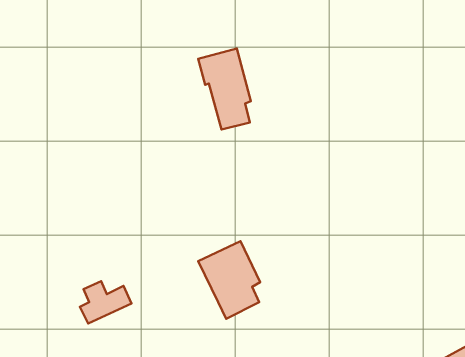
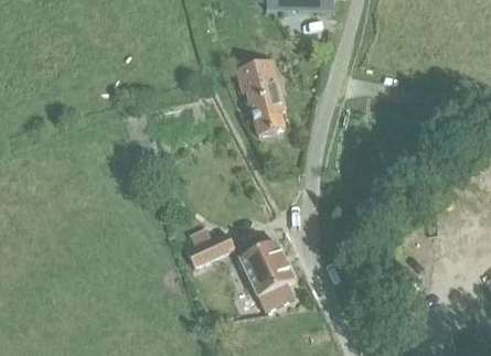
building: [80,281,132,323] -> [184,226,233,266]

